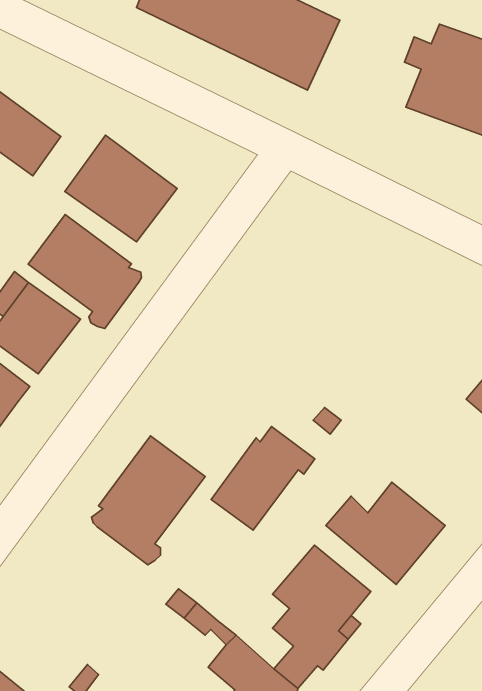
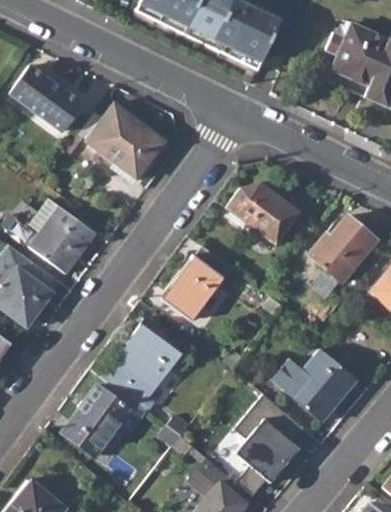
building: [28,214,141,329] -> none
building: none -> [227,184,299,244]
building: none -> [311,214,376,281]
building: [211,426,315,530] -> [161,247,235,321]
building: none -> [65,382,145,452]

